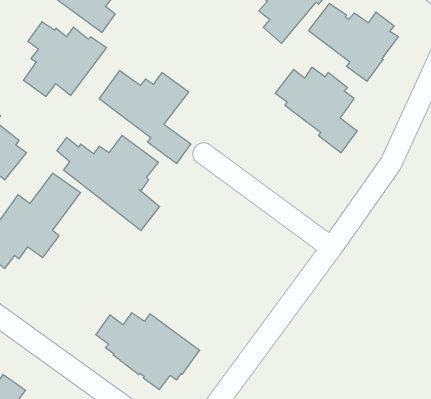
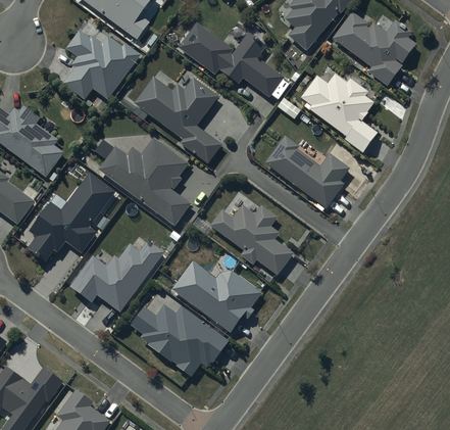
building: none -> [178,22,284,97]
building: none -> [264,135,350,207]
building: none -> [210,204,294,276]
building: none -> [69,241,163,313]
building: none -> [171,260,261,333]

